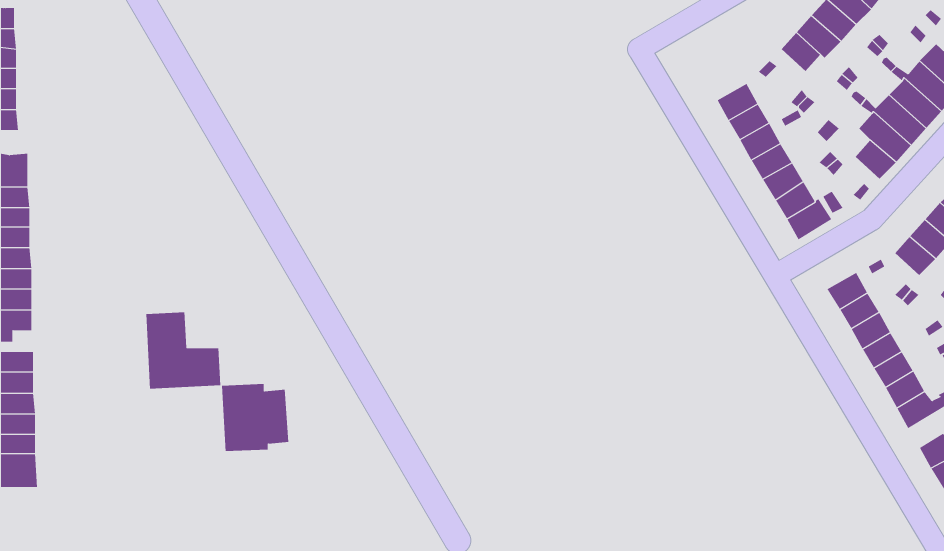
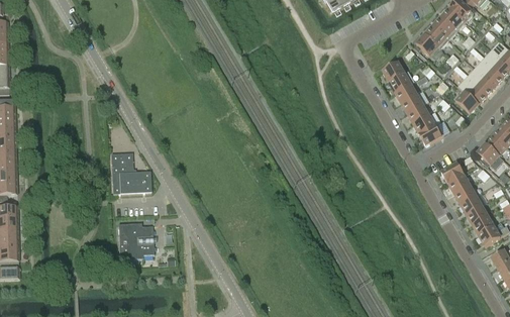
building: [145,312,221,389] -> [111,151,151,193]

